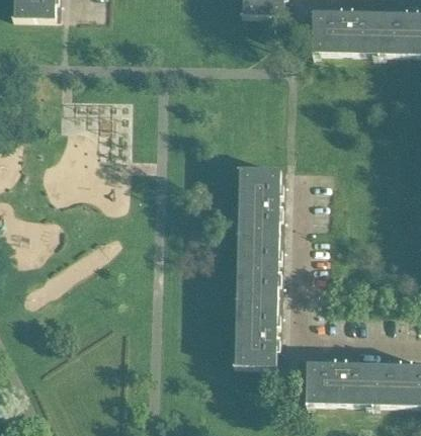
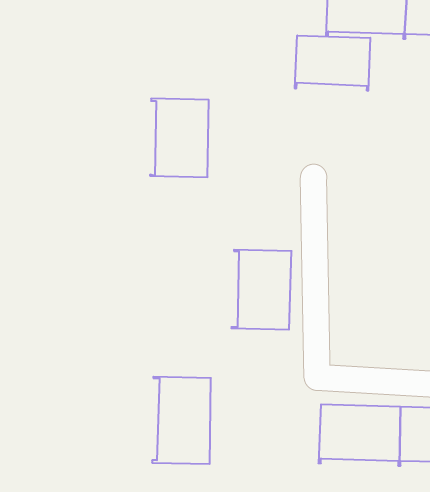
building: none -> [295,35,370,91]
building: [233,168,281,233] -> [150,99,209,177]
building: [230,296,278,368] -> [152,377,211,464]

